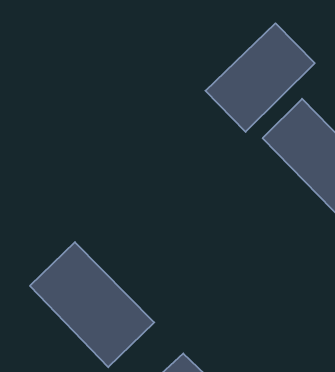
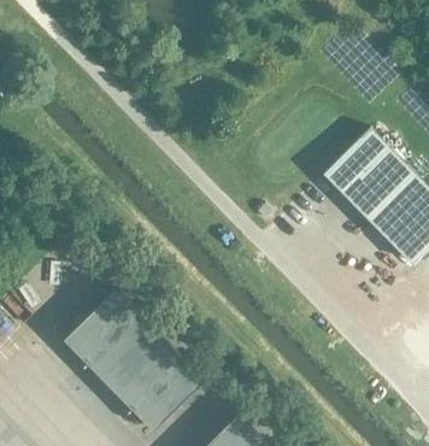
building: [205,23,315,132] -> none

